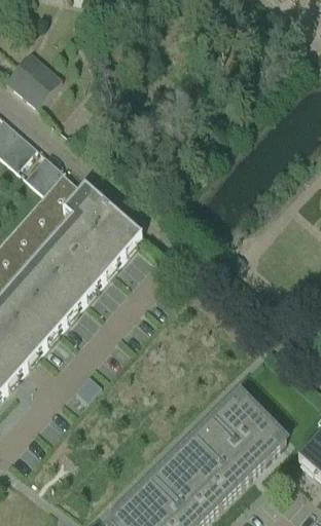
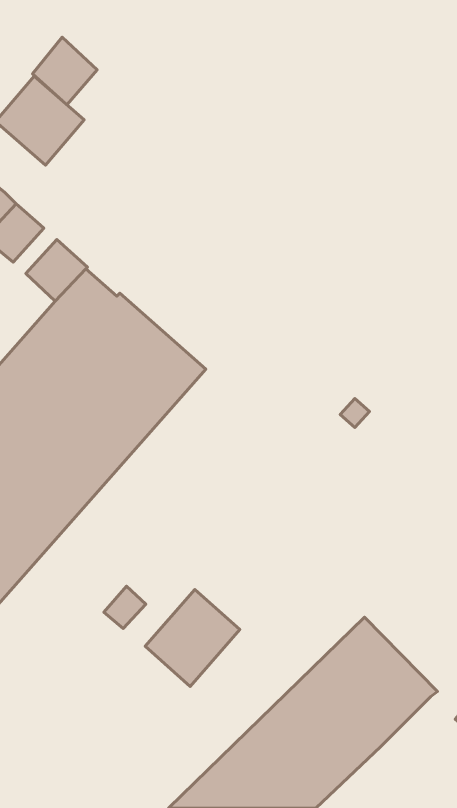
building: none -> [32,37,97,105]
building: none -> [145,589,240,686]

